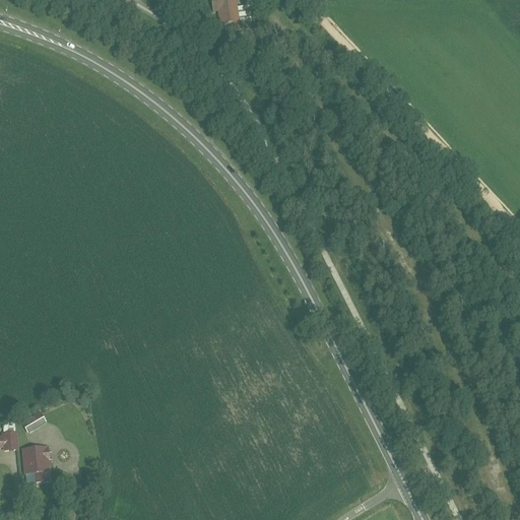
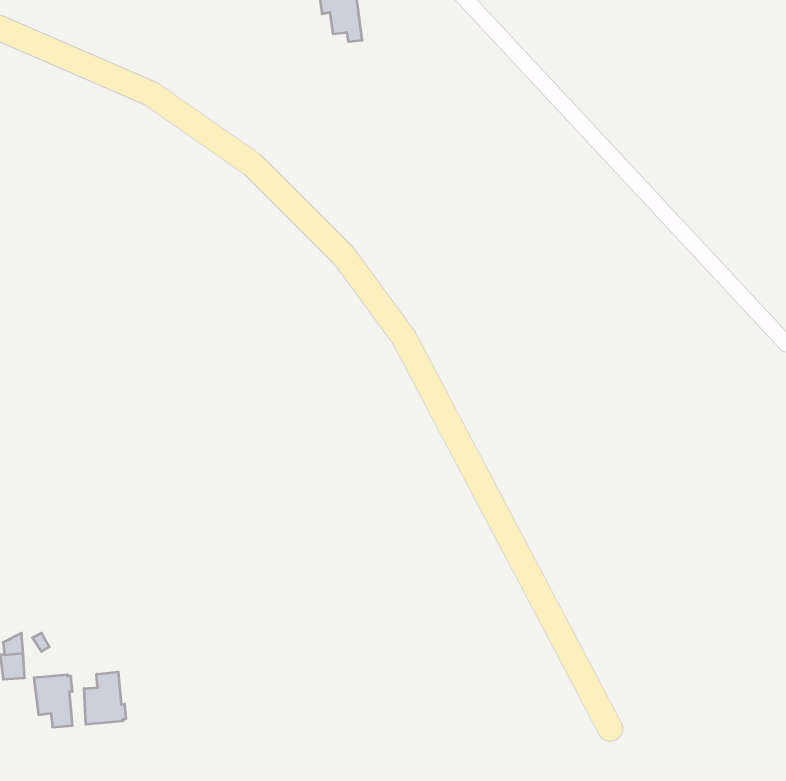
building: none -> [84,672,126,724]

